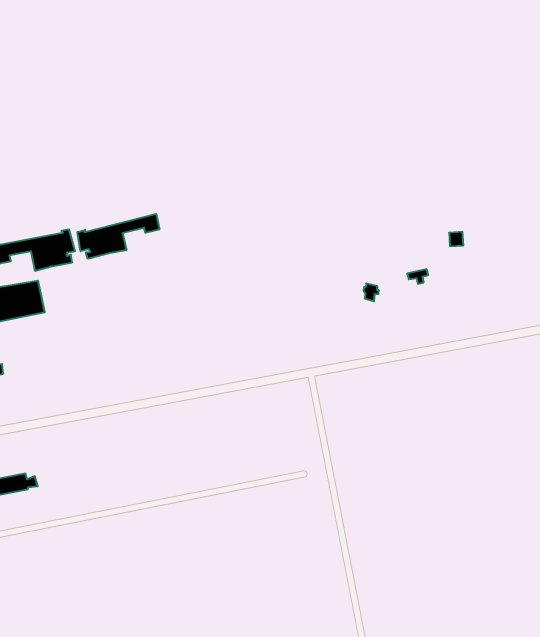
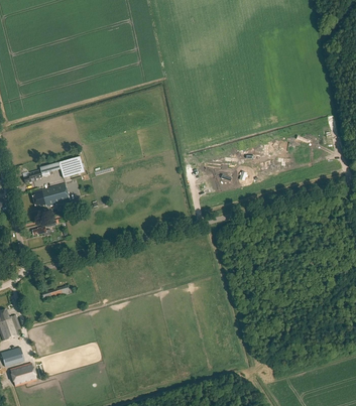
building: [77,214,159,259] -> none

